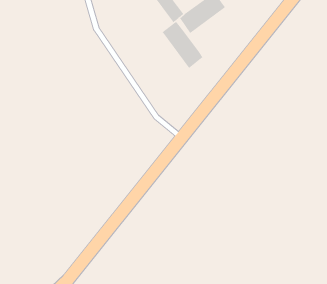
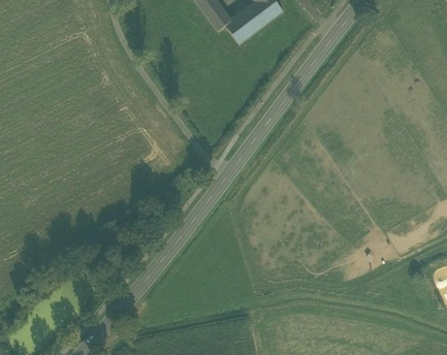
building: [162,22,203,69] -> none

